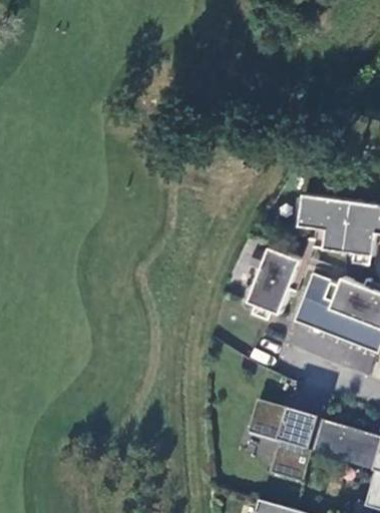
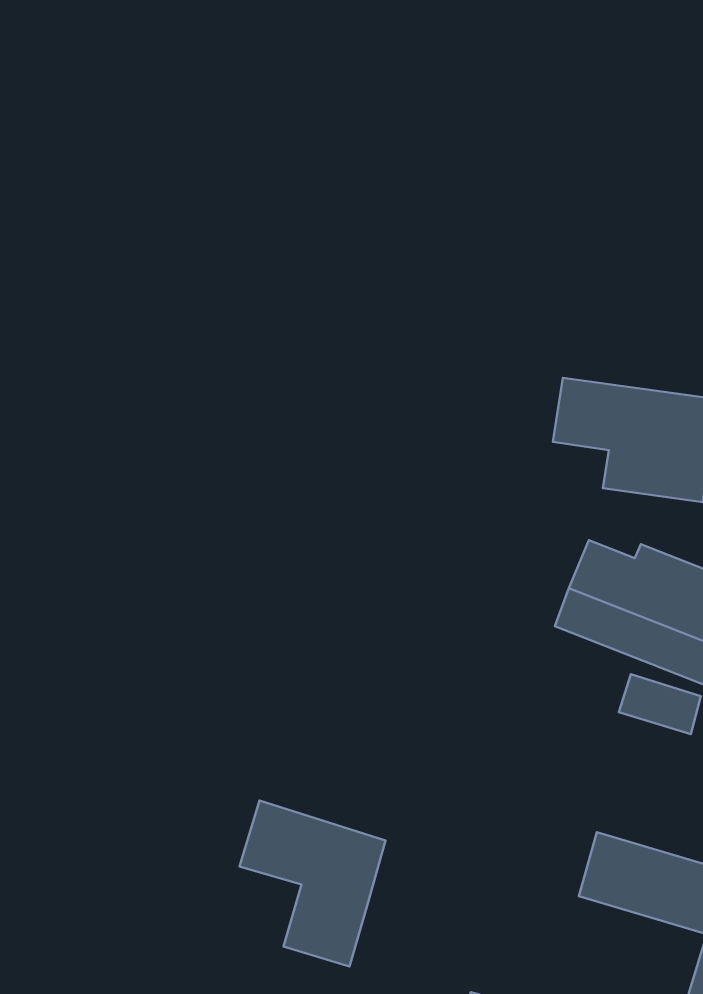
building: [248,246,301,314] -> none
building: [247,401,320,484] -> [239,800,385,967]

